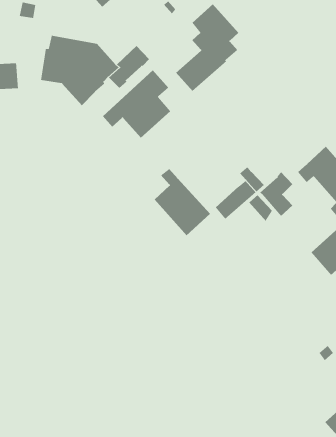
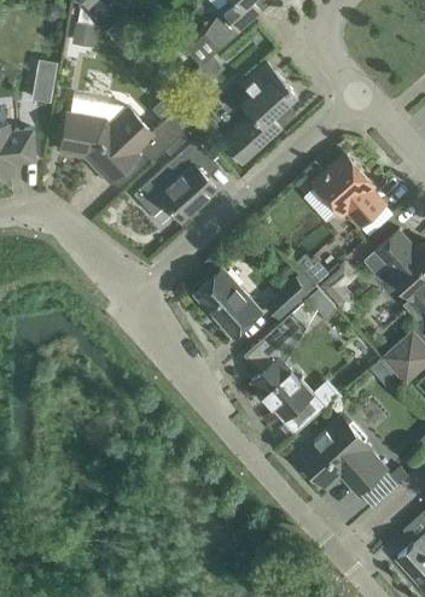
building: none -> [313,153,385,227]
building: none -> [244,312,334,432]
building: none -> [290,416,385,494]

